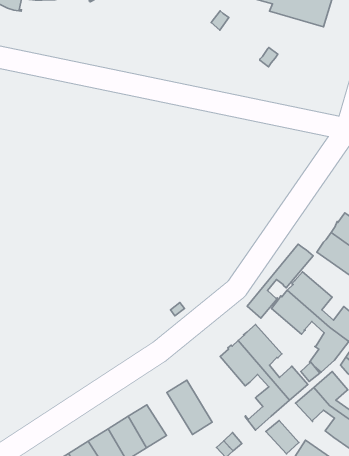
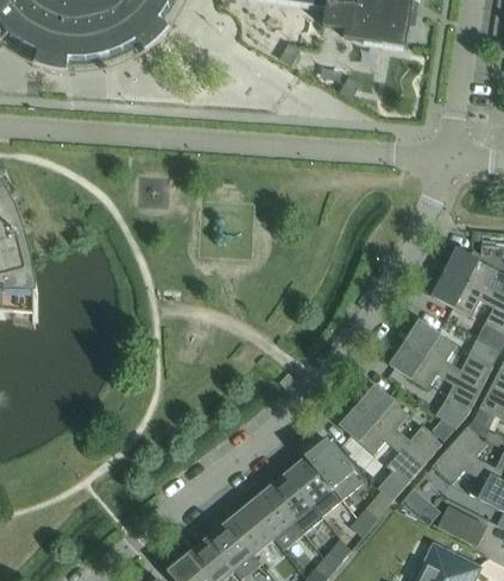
building: [247,244,313,318] -> none
building: none -> [307,440,361,499]
building: none -> [266,473,321,531]

